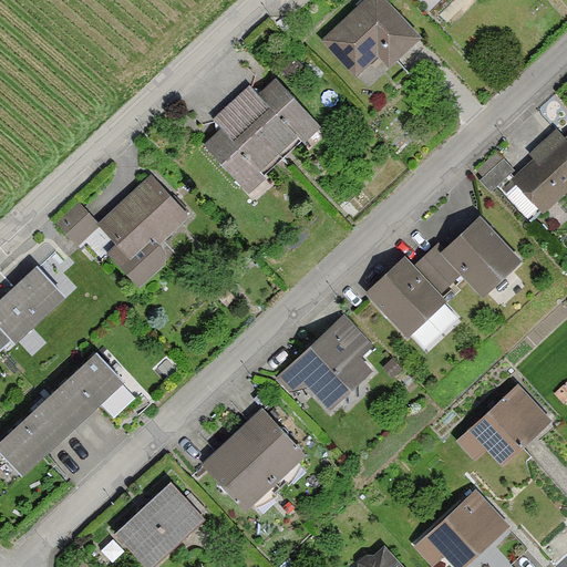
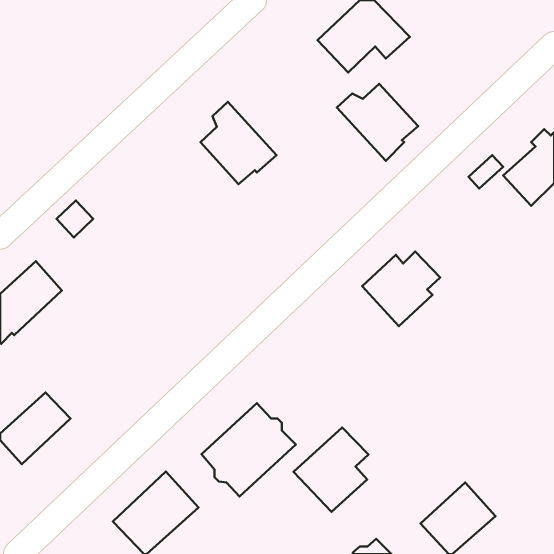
building: [233,80,316,158] -> [337,84,418,161]
building: [102,178,185,287] -> none
building: [424,220,517,293] -> none
building: [292,319,369,405] -> [294,427,368,512]
building: [47,353,122,427] -> none
building: [472,395,548,463] -> none

